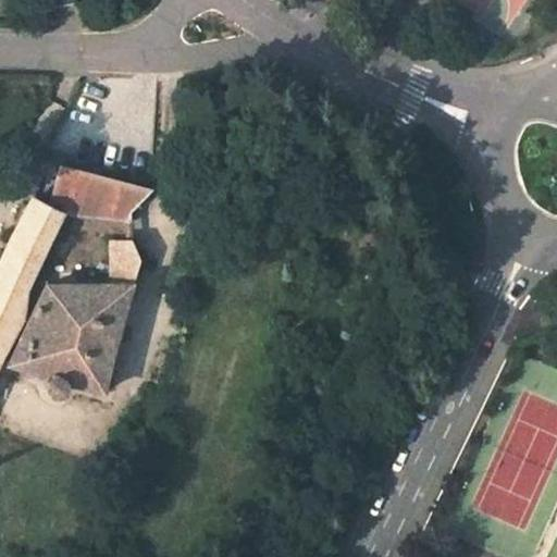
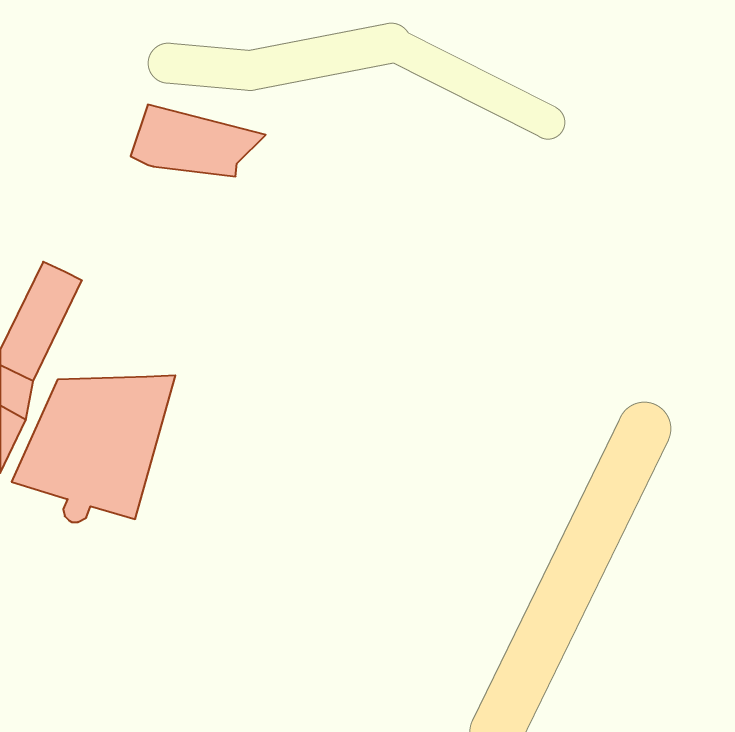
building: [49,166,151,221] -> [131,105,266,176]
building: [111,244,139,285] -> none

